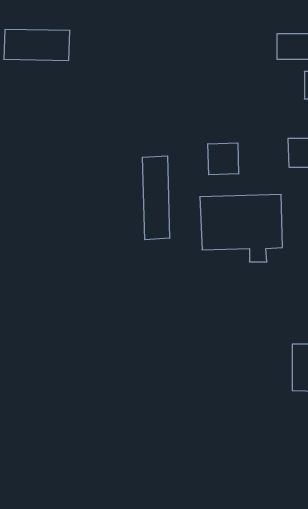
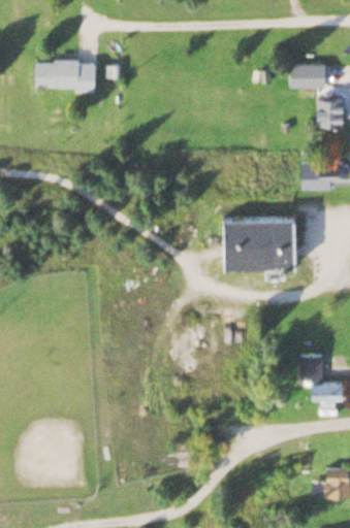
building: [208,143,239,175] -> none
building: [142,156,170,240] -> none

